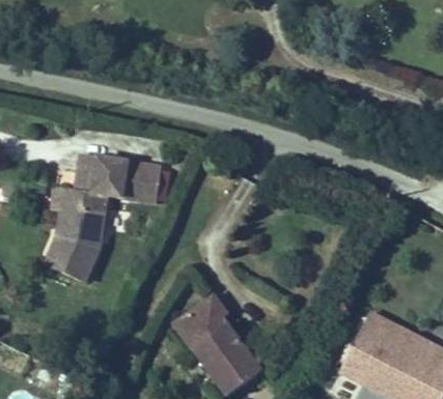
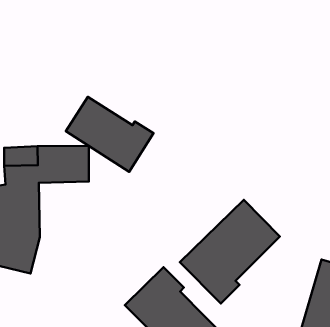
building: none -> [66,97,154,172]
building: none -> [180,200,280,303]

